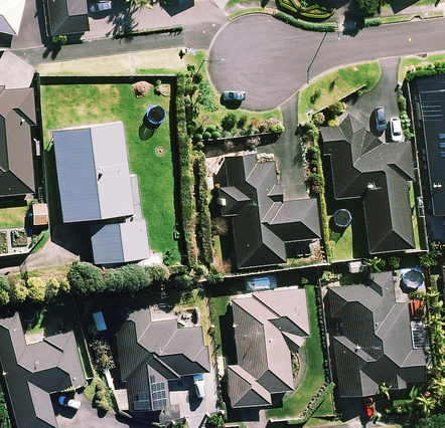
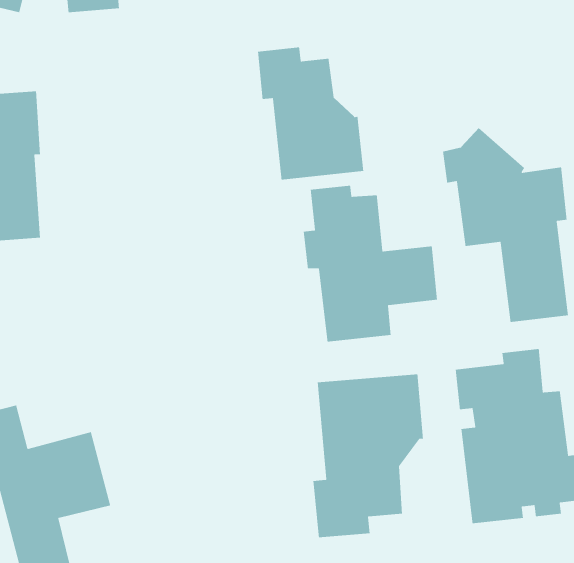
building: none -> [257,47,364,181]
building: [52,125,144,266] -> none
building: [109,305,205,413] -> none

